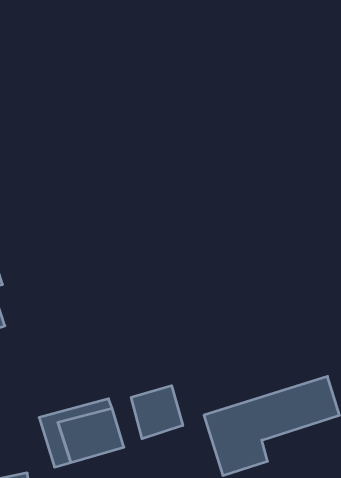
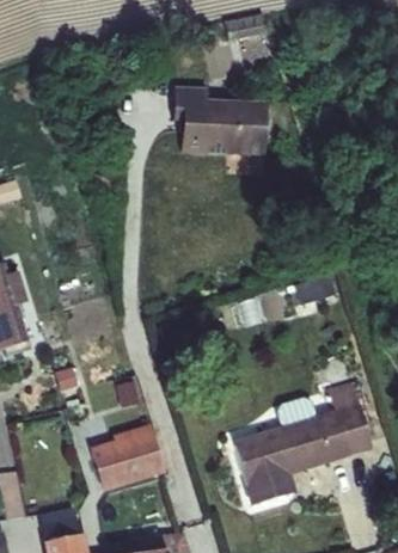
building: none -> [177,87,273,154]
building: [131,386,183,439] -> none

